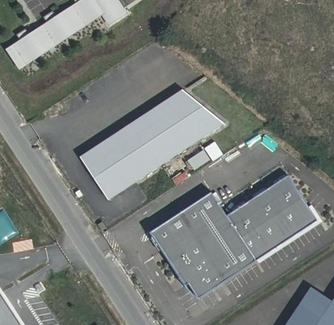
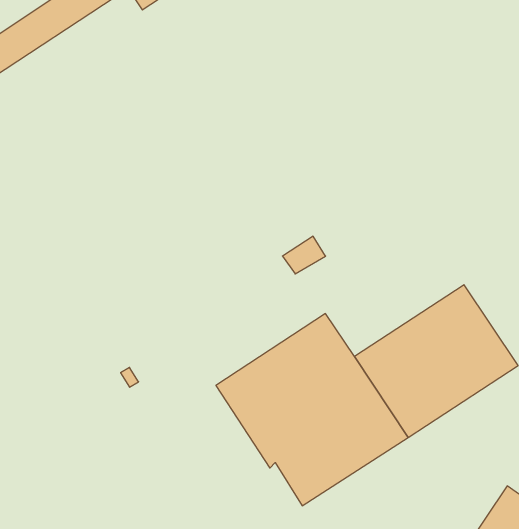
building: [79,90,223,200] -> none

